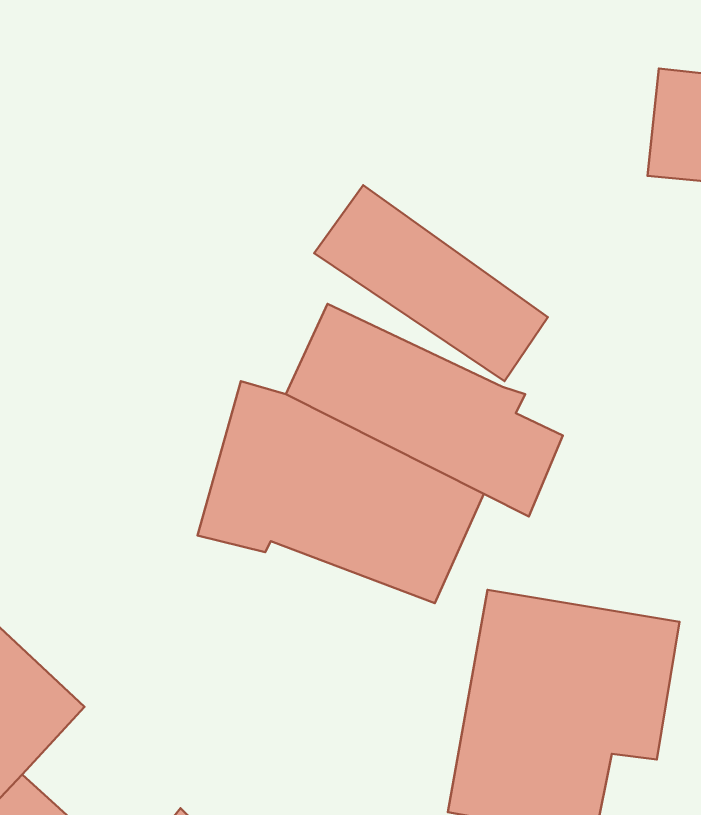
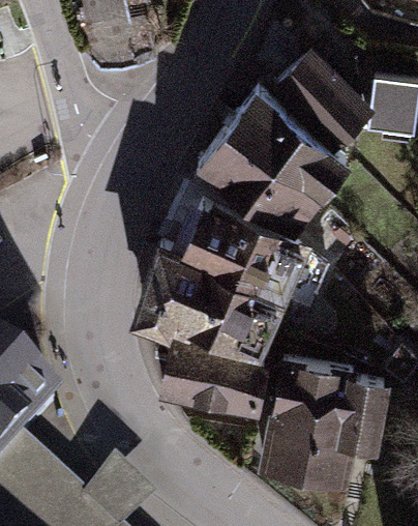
building: none -> [274,54,370,147]
building: none -> [220,92,350,204]
building: none -> [158,340,267,416]

